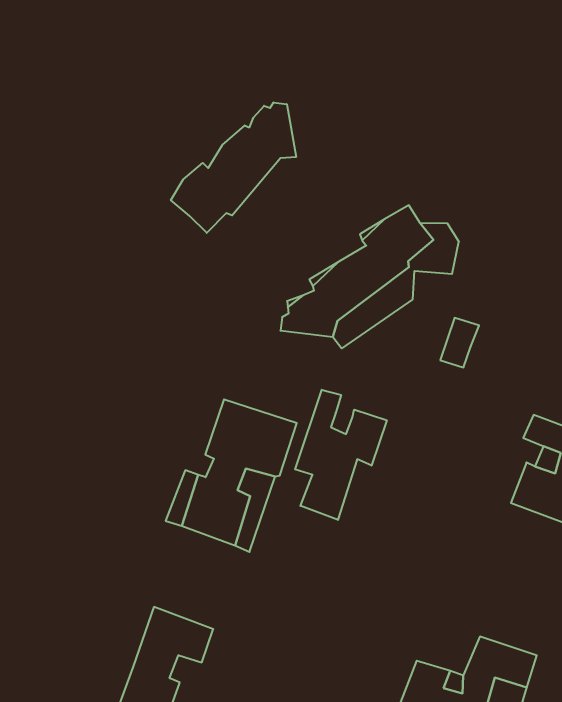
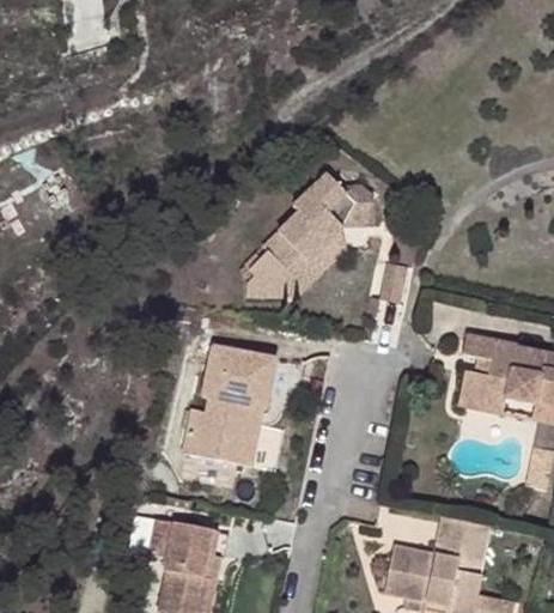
building: [171,102,296,233] -> none
building: [295,390,387,520] -> none
building: none -> [144,514,179,569]

